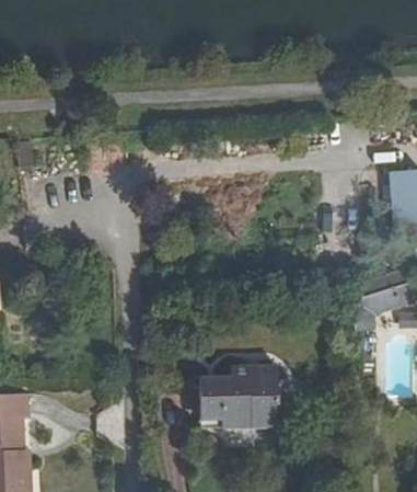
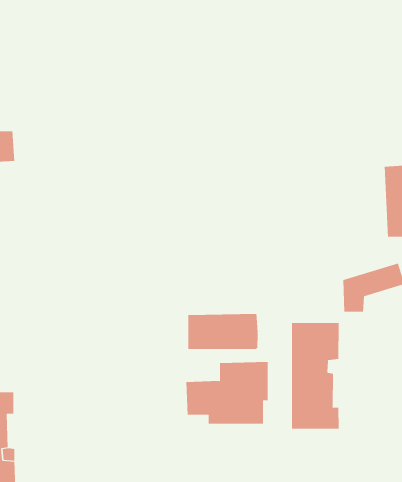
building: none -> [188,313,258,350]
building: none -> [292,322,339,429]

